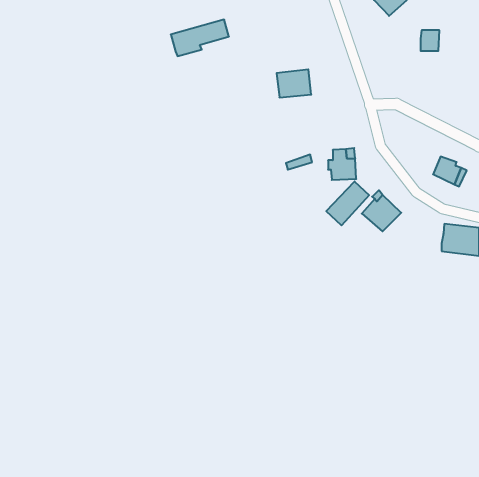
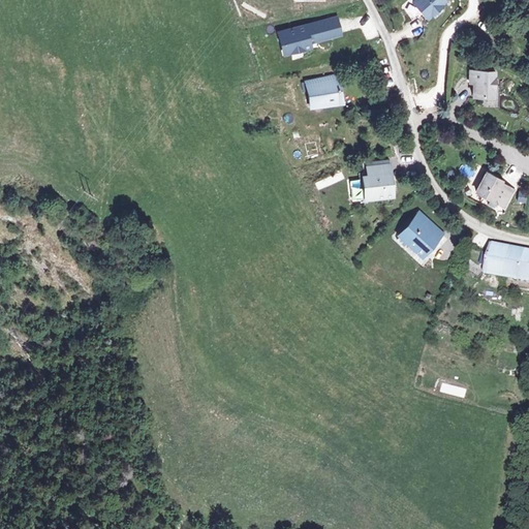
building: [171,20,229,56] -> [278,13,342,54]
building: [421,30,439,51] -> [475,71,496,94]
building: [326,181,369,225] -> none

